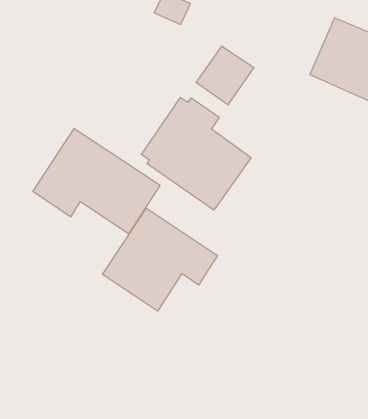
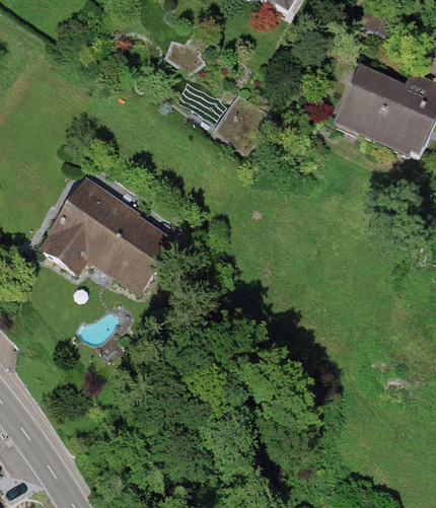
building: [141,97,251,210] -> none
building: [103,208,218,311] -> none

